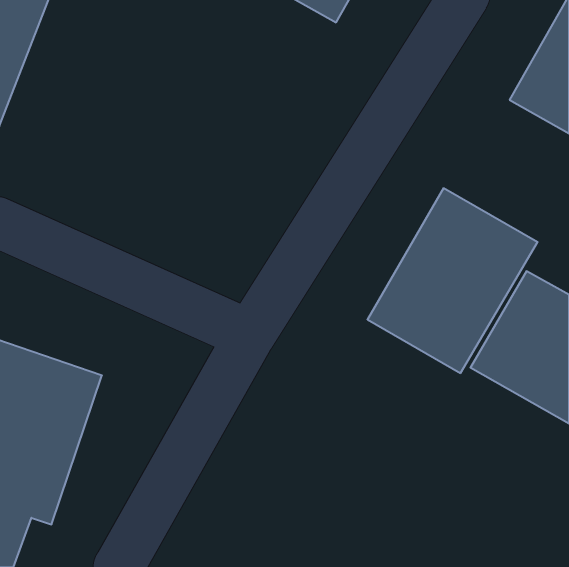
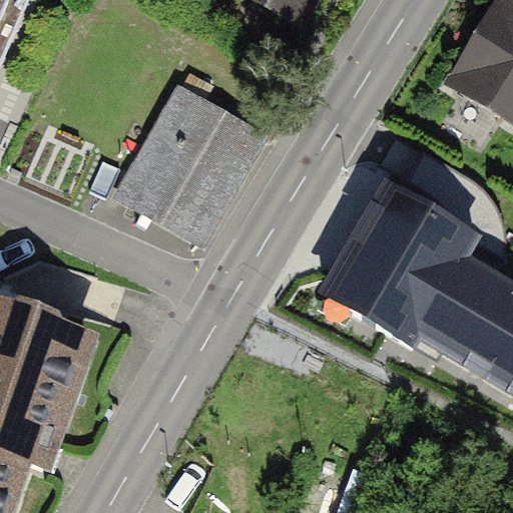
building: none -> [114,85,261,240]

